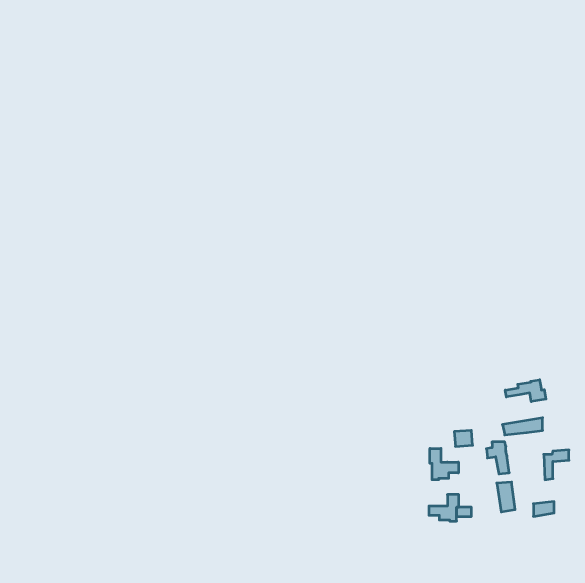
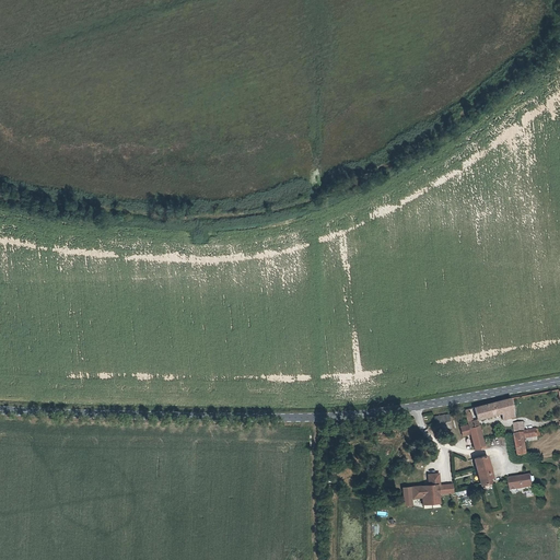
building: [505,380,546,402] -> none
building: [430,448,458,480] -> none

